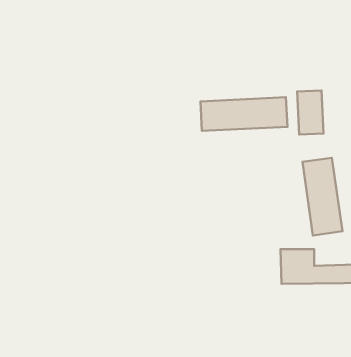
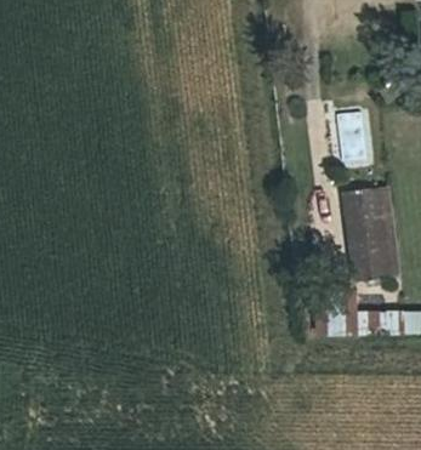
building: [201,97,287,131] -> none

